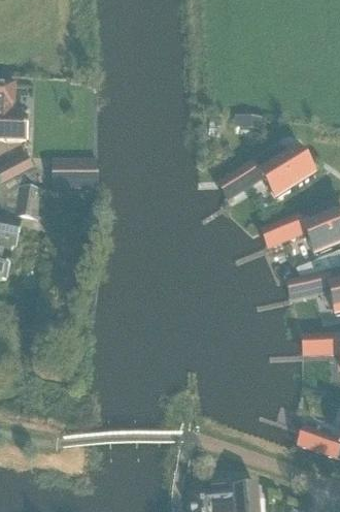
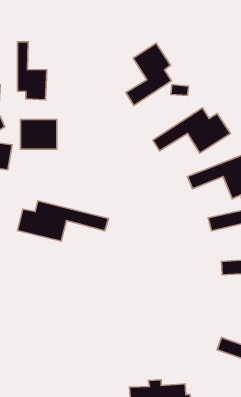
building: none -> [17,42,47,100]
building: none -> [126,43,172,105]
building: none -> [18,201,108,241]

